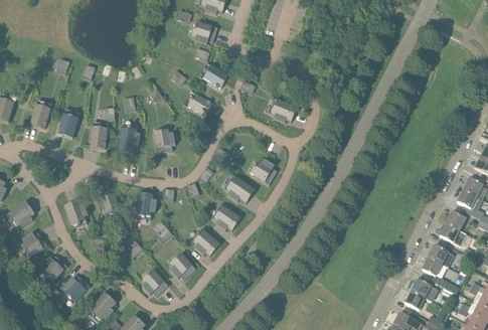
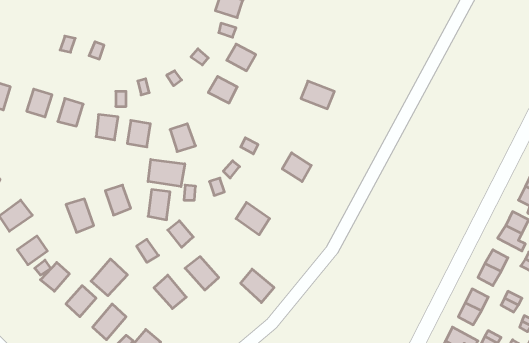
building: none -> [148,159,185,187]
building: [225,174,256,202] -> none
building: [191,226,220,256] -> [241,269,274,303]
building: none -> [91,259,127,296]

